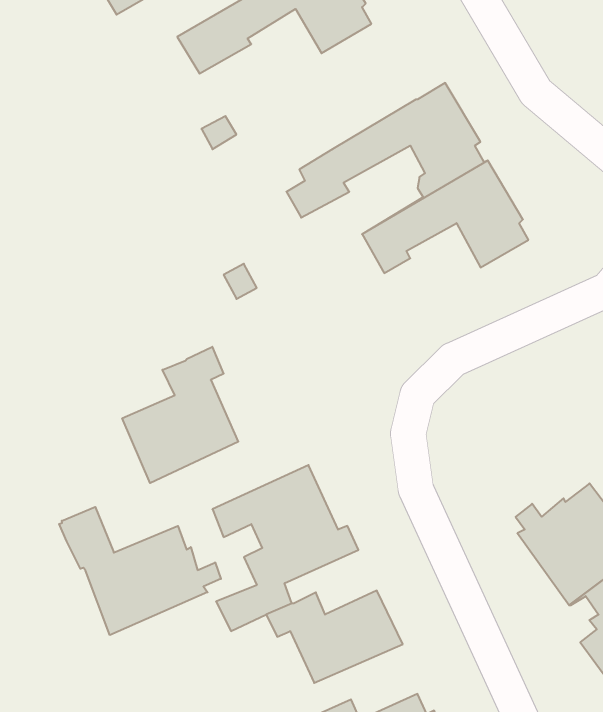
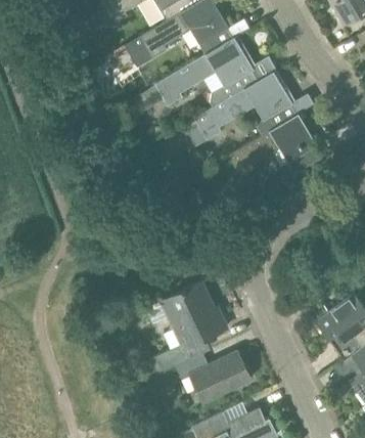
building: none -> [156,36,259,107]
building: [122,347,238,483] -> none
building: [59,507,221,635] -> none

